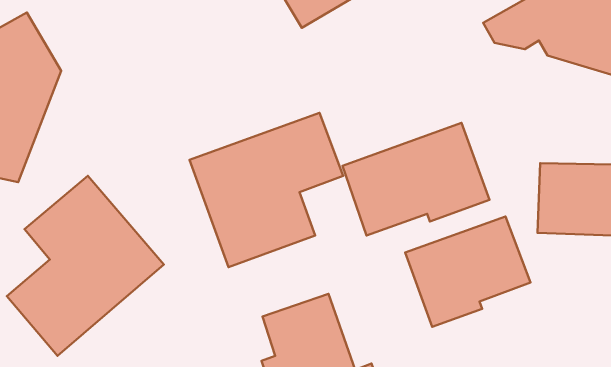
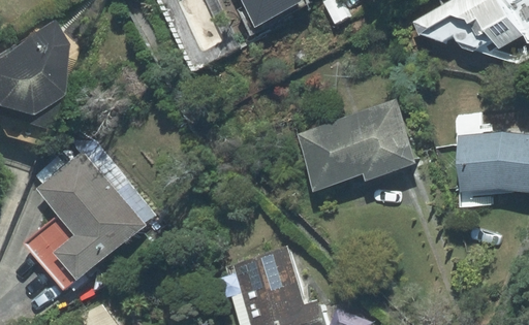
building: [190,113,343,267] -> none
building: [405,216,531,327] -> none

